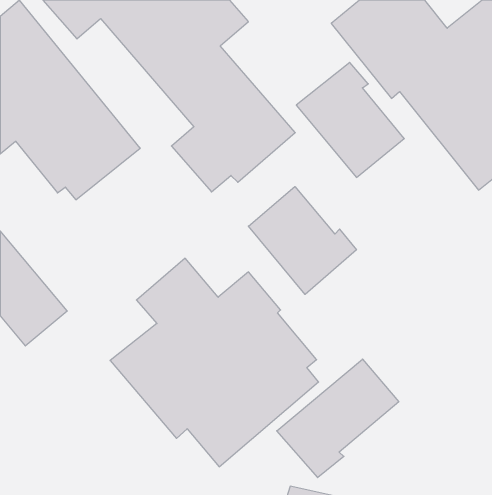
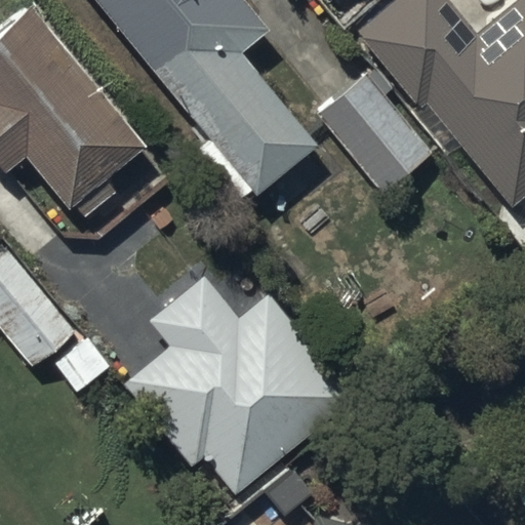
building: [248,187,356,294] -> none
building: [277,359,399,478] -> none

